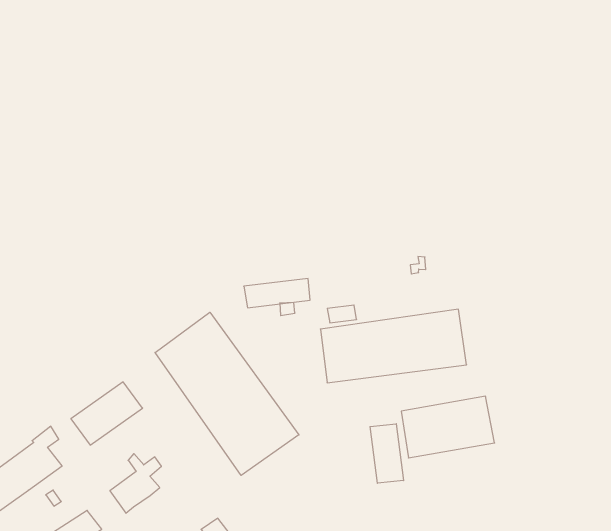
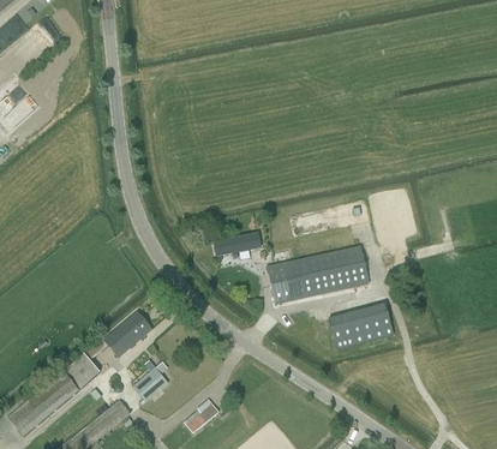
building: [155,312,299,475] -> none
building: [370,424,404,483] -> none

